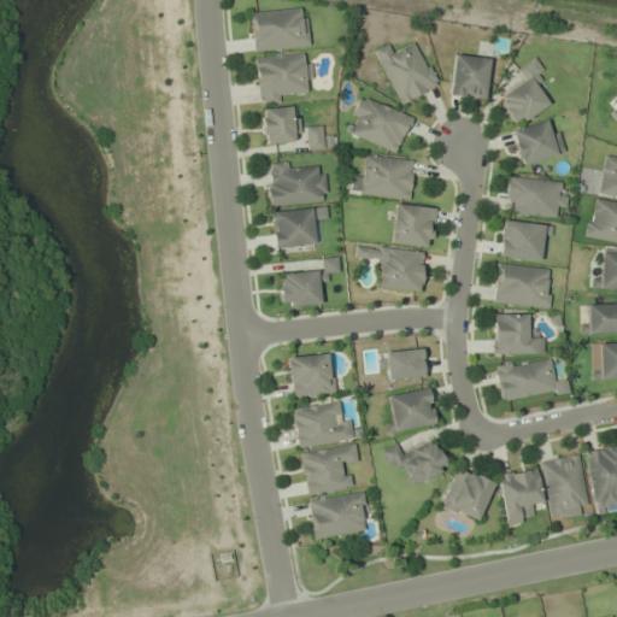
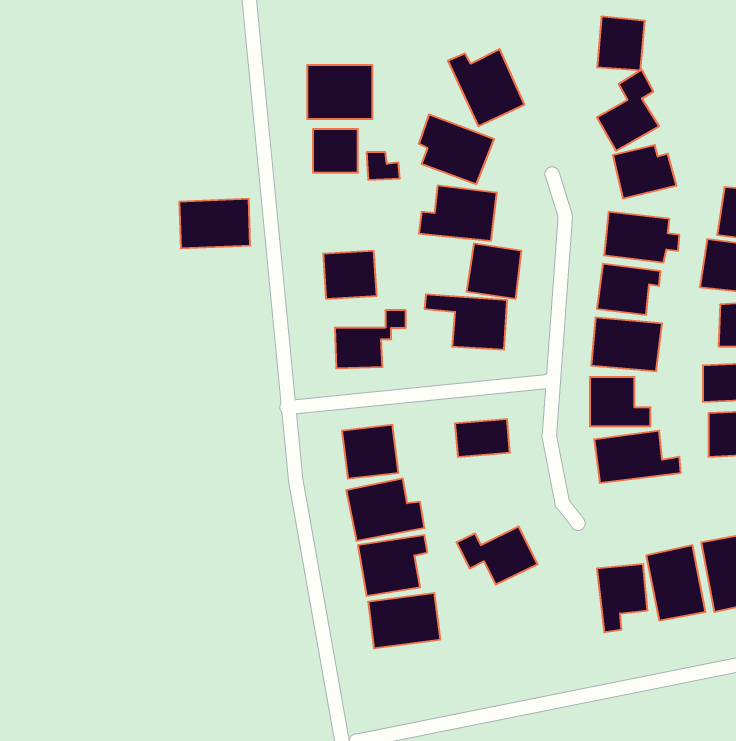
building: [251,7,312,52] -> none
building: [452,54,492,99] -> [597,16,645,70]
building: [269,164,328,205] -> [179,199,250,248]
building: [388,388,436,433] -> none
building: [442,466,496,523] -> none

